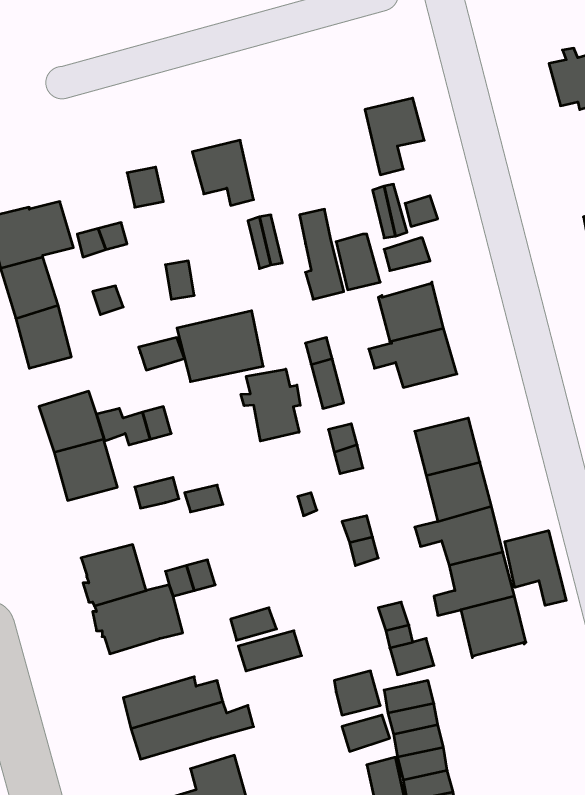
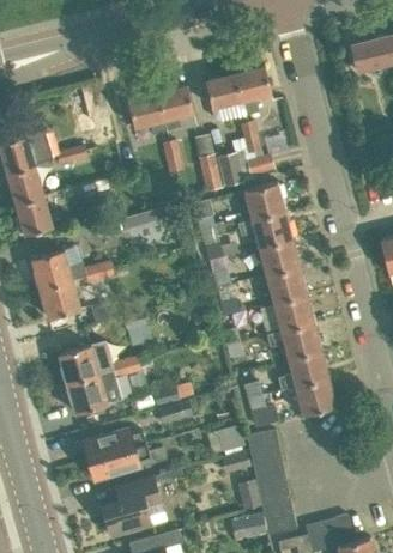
building: none -> [205,74,244,120]
building: none -> [157,86,196,135]
building: [241,369,300,441] -> none
building: none -> [259,239,300,275]
building: [505,531,566,605] -> none

